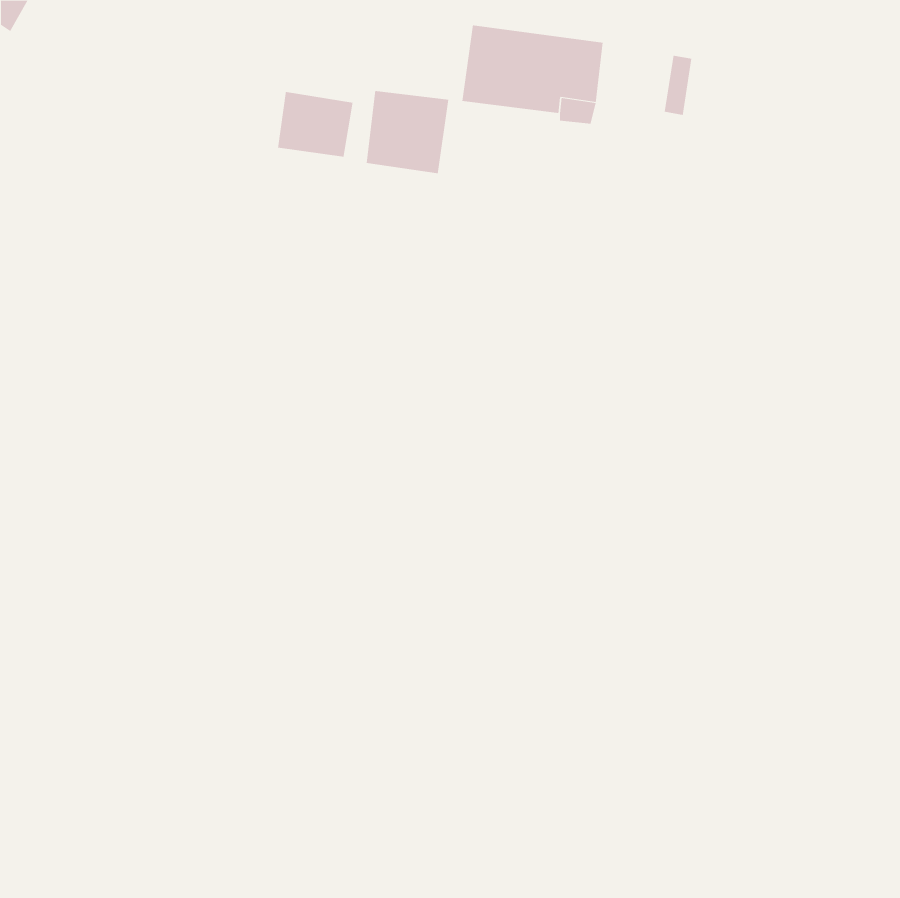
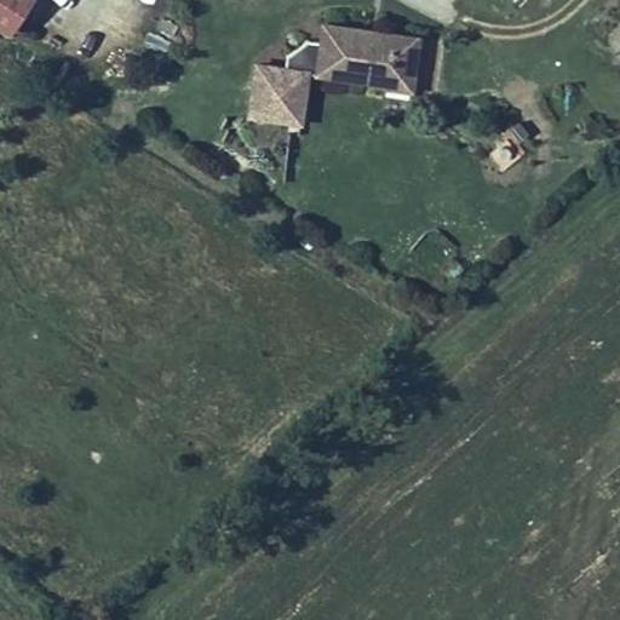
building: [277,91,353,157] -> none

